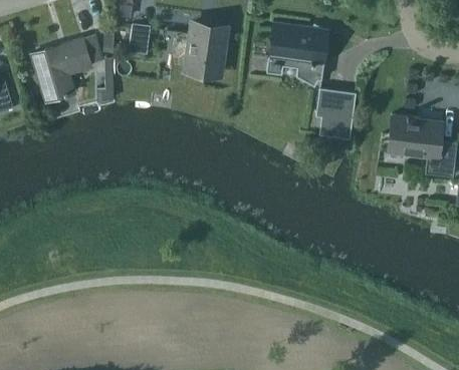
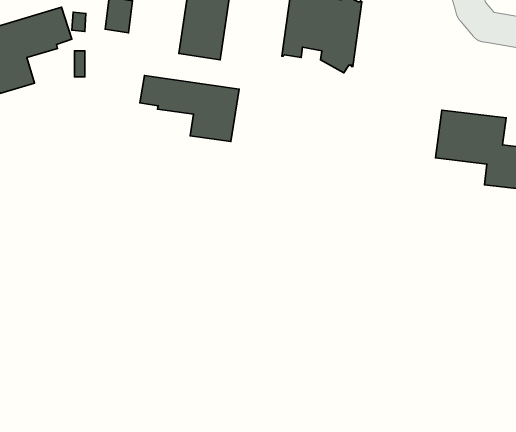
building: none -> [140,76,239,142]
building: [316,90,357,138] -> none

